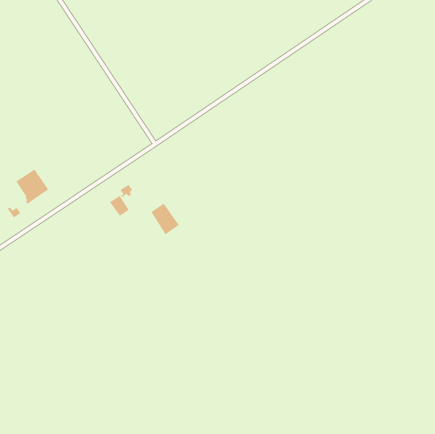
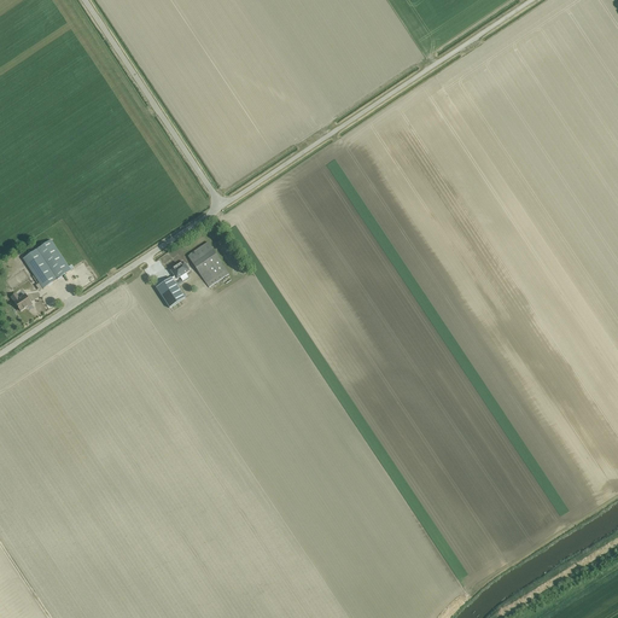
building: [151,203,180,235] -> [187,240,228,286]

